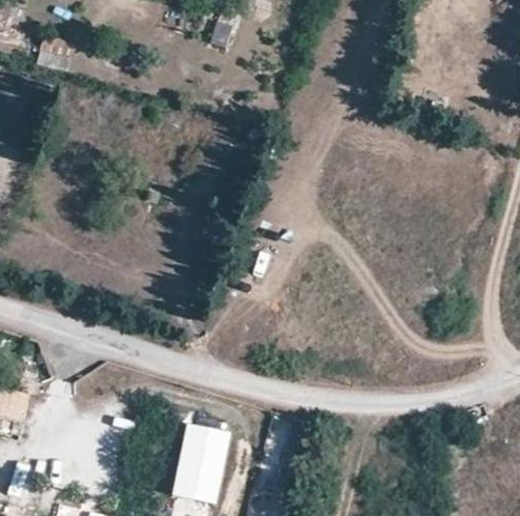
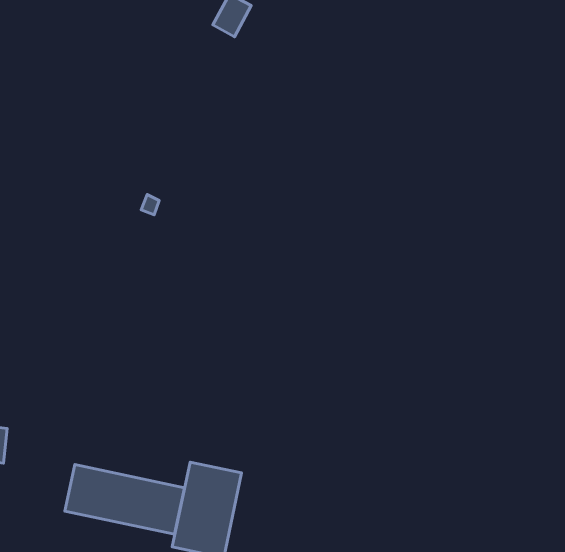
building: none -> [65,465,184,534]

